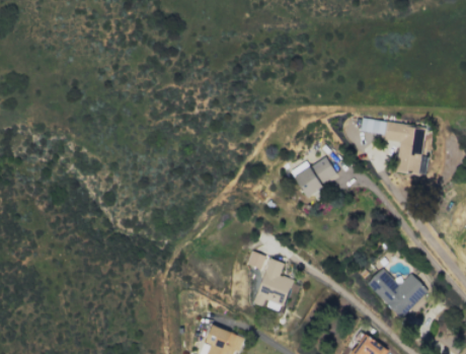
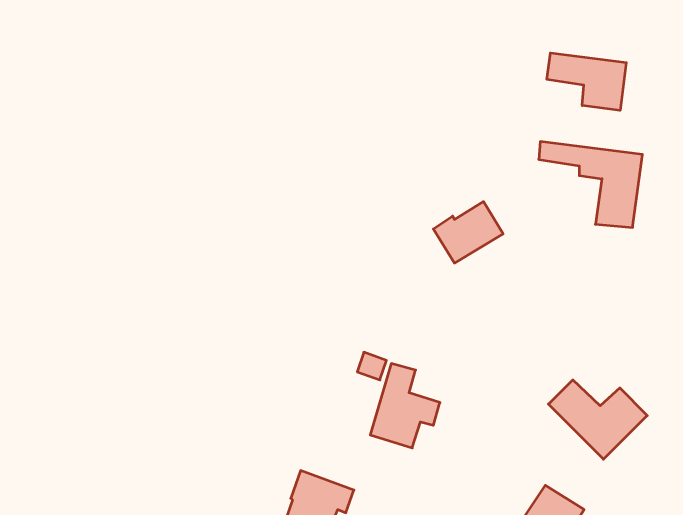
building: none -> [547,53,626,110]

